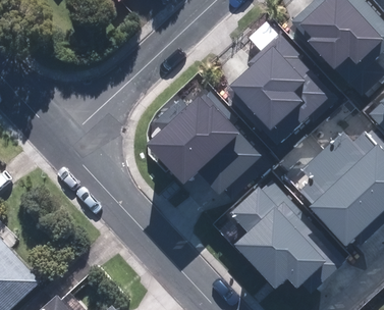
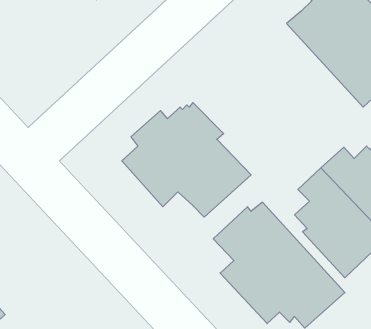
building: [223,33,335,151] -> none

